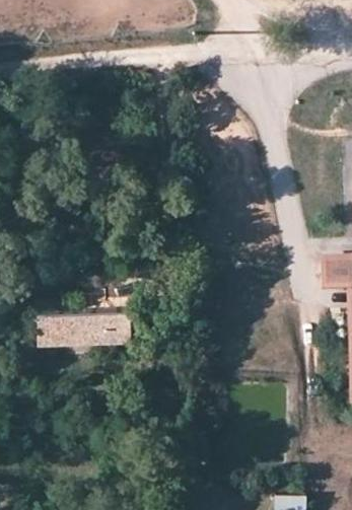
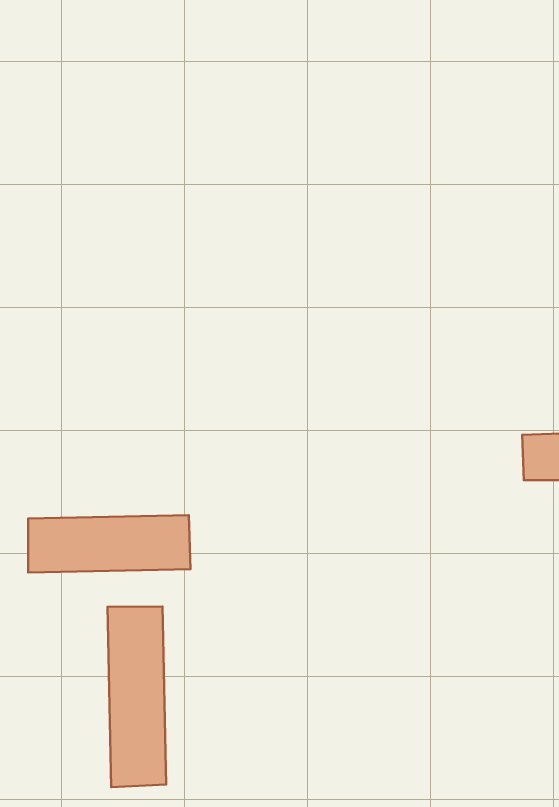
building: none -> [107,606,166,787]

